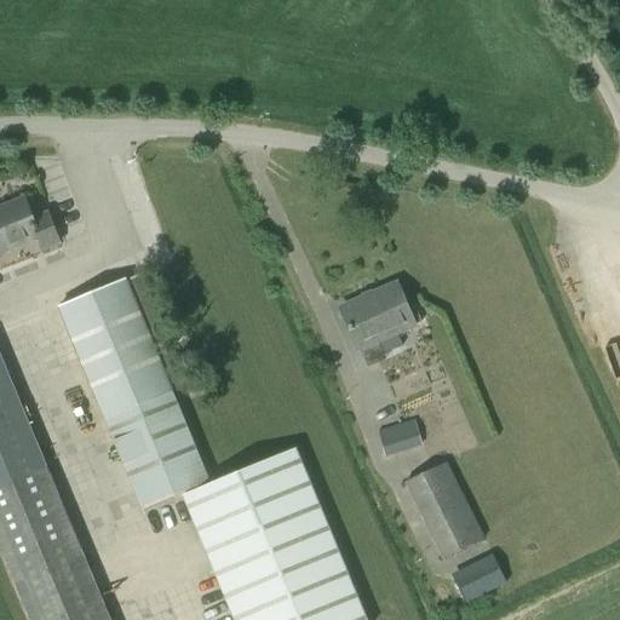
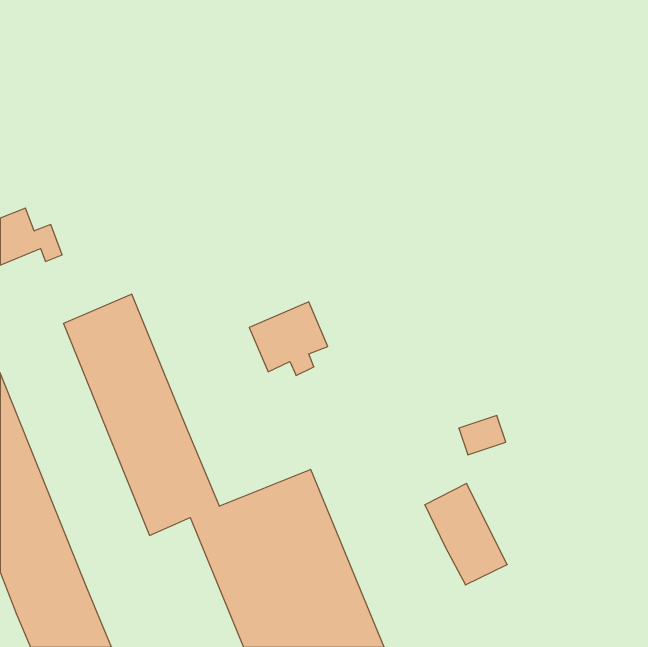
building: [340,283,415,354] -> [249,302,328,376]
building: [378,419,423,457] -> [459,416,506,455]
building: [450,552,507,601] -> none

